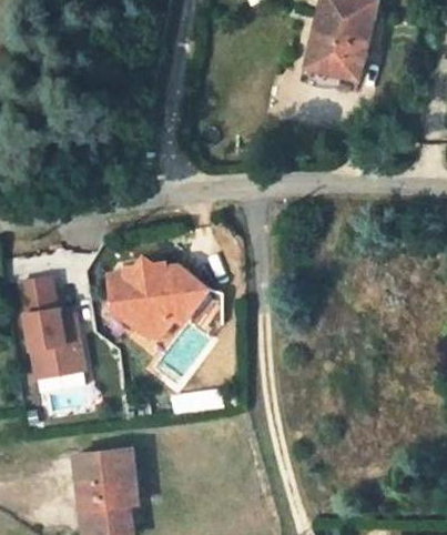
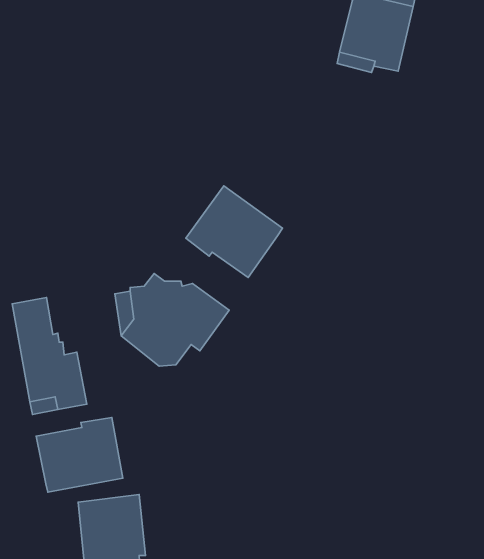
building: none -> [186,186,282,278]
building: none -> [36,418,123,492]

